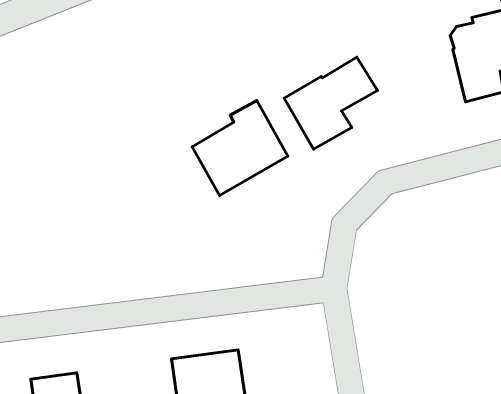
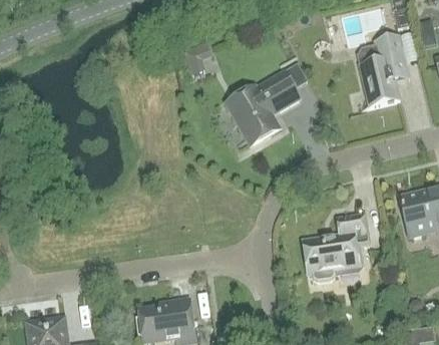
building: [192,100,288,195] -> none
building: none -> [301,214,369,281]

